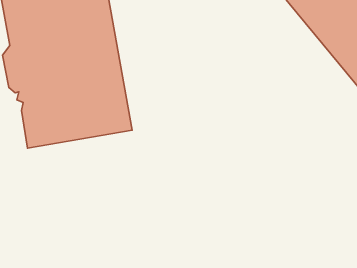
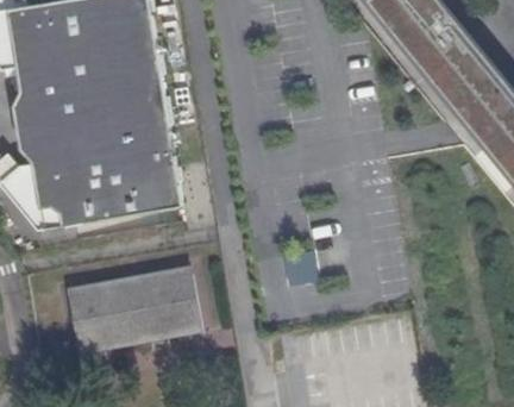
building: none -> [65,267,198,353]

